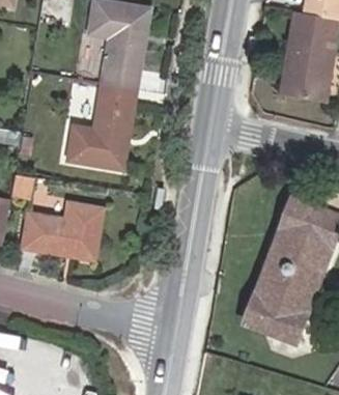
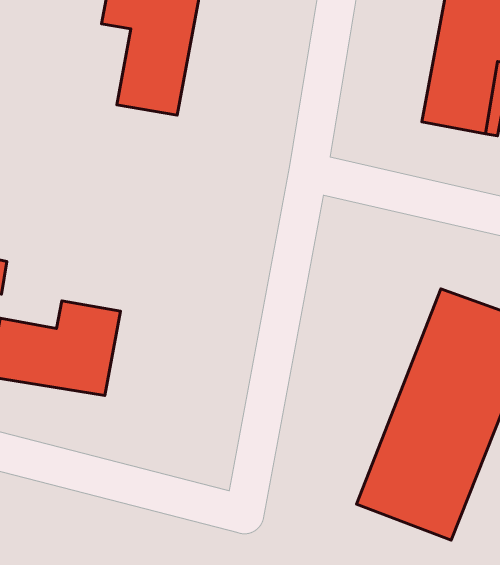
building: [67,83,134,168] -> none

